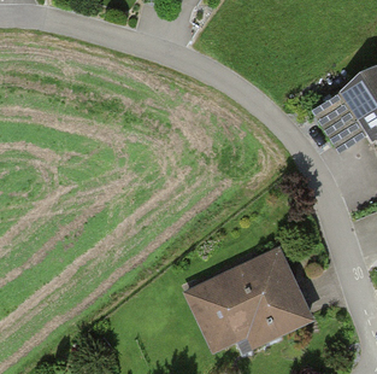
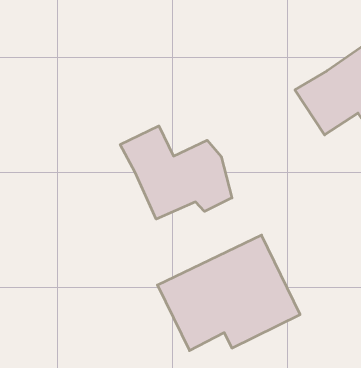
building: none -> [120,126,232,219]

